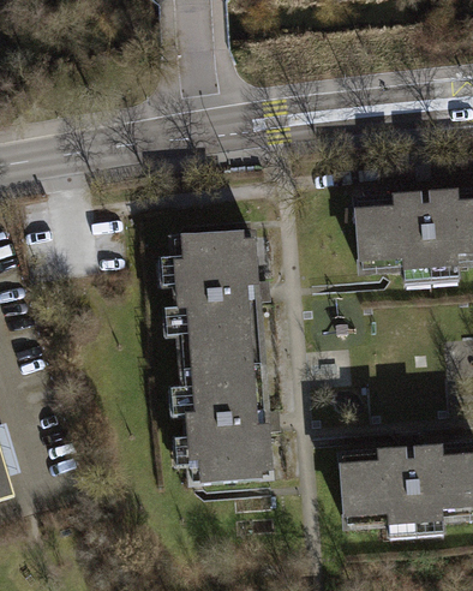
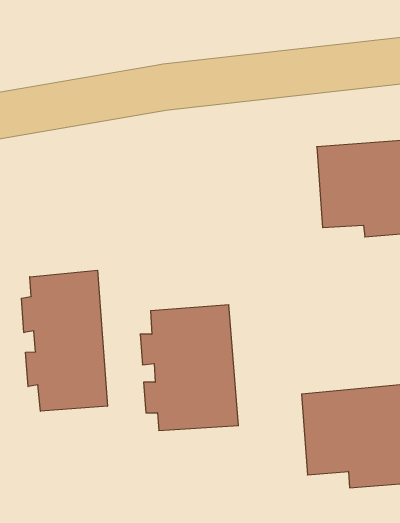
building: [162,228,263,357] -> none
building: none -> [21,270,107,411]

